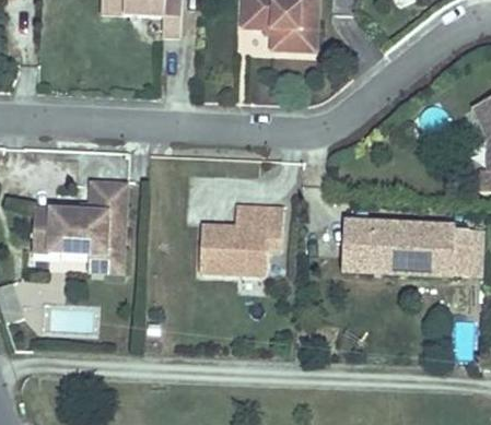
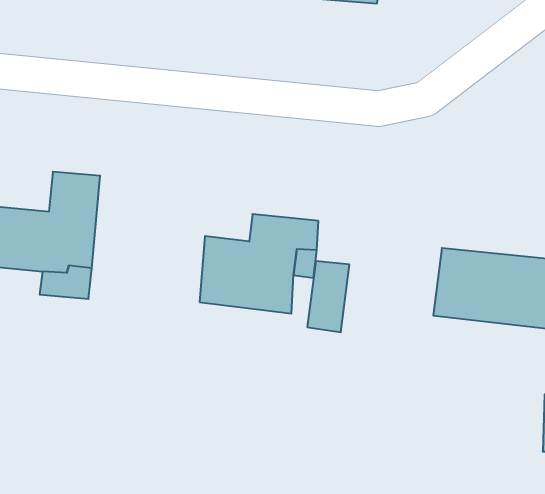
building: [344,220,372,269] -> [307,261,349,332]

